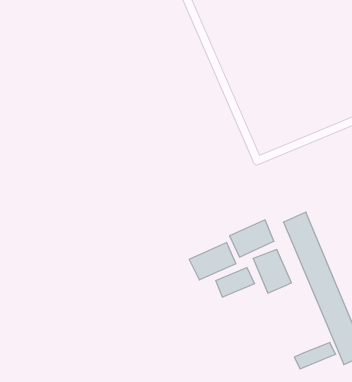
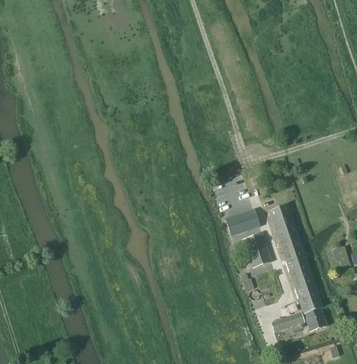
building: [189,242,236,280] -> none
building: [216,268,254,297] -> none

